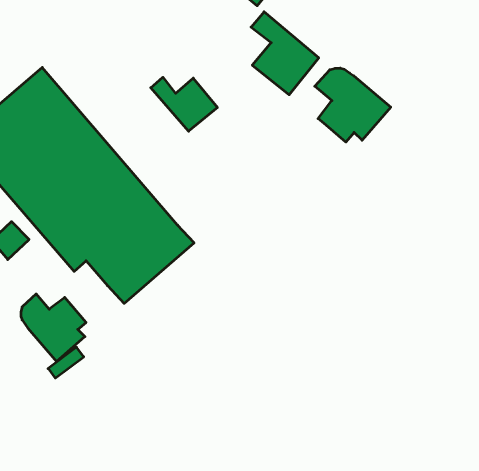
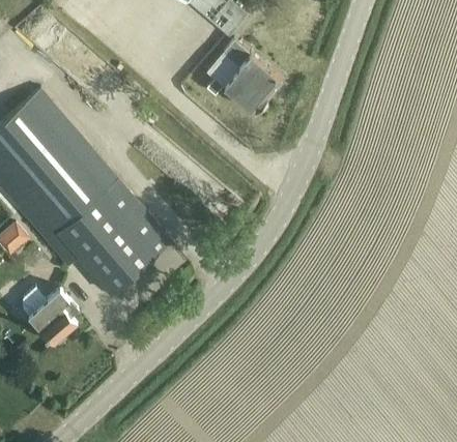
building: [315,68,391,142] -> none
building: [151,77,217,131] -> none

